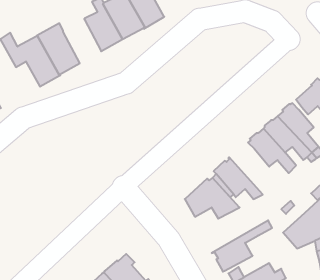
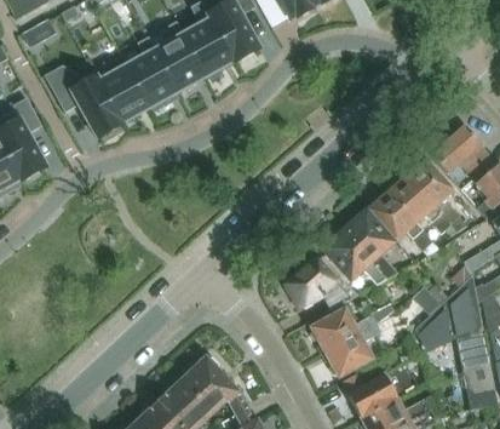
building: none -> [128,36,178,107]
building: none -> [345,211,398,278]
building: none -> [309,303,396,354]

